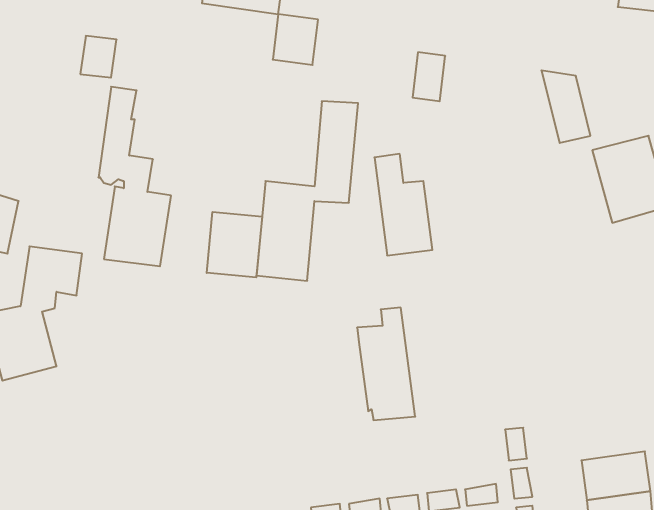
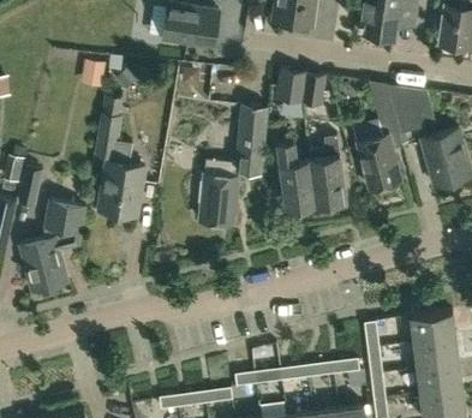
building: [273,14,318,65] -> [276,70,306,103]
building: none -> [357,100,402,189]
building: [207,212,262,277] -> none
building: [357,308,415,420] -> [309,136,347,210]
building: none -> [411,312,456,344]

